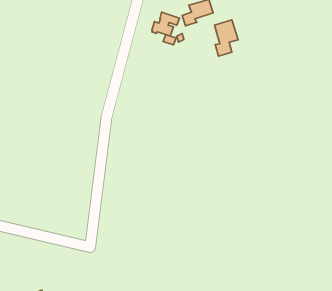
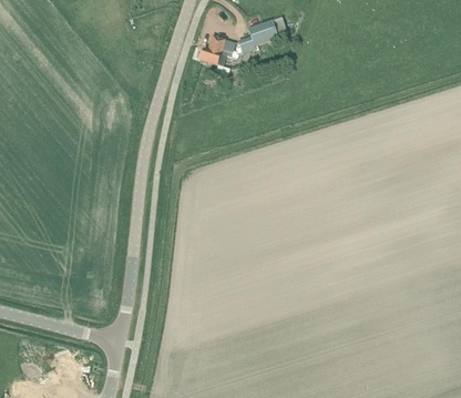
building: [214,20,238,56] -> none

